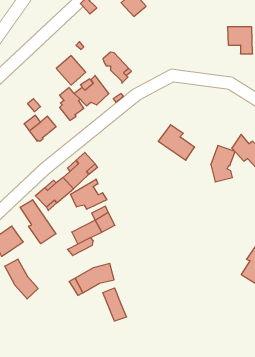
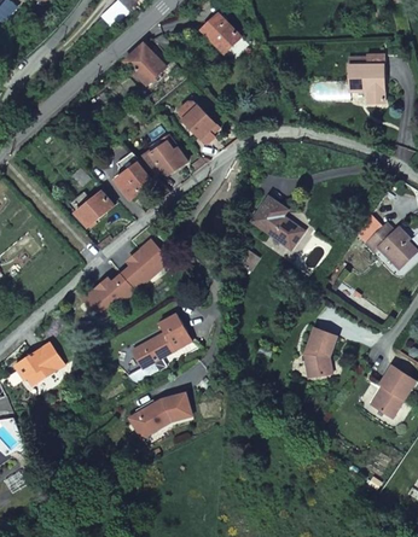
building: [56,56,86,85] -> [121,41,162,82]
building: [211,146,235,182] -> [304,327,338,378]
building: [70,179,107,209] -> none
building: [20,200,56,244] -> none
building: [5,259,38,299] -> none
building: [103,288,127,321] -> none

